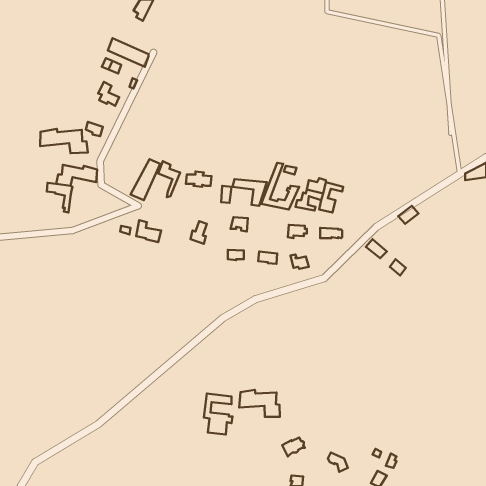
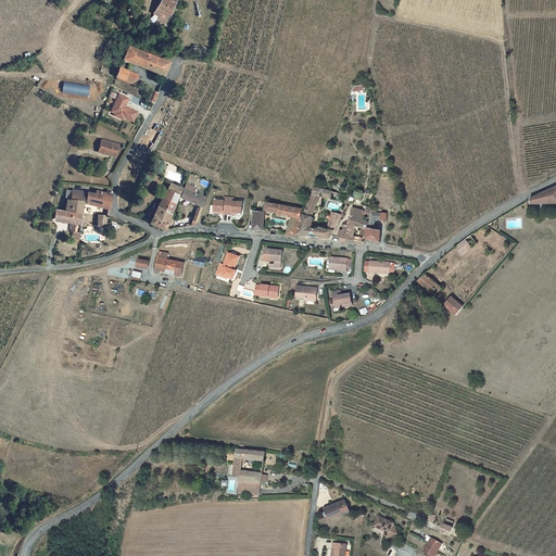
building: [40,129,88,153] -> none
building: [239,390,280,417] -> none

